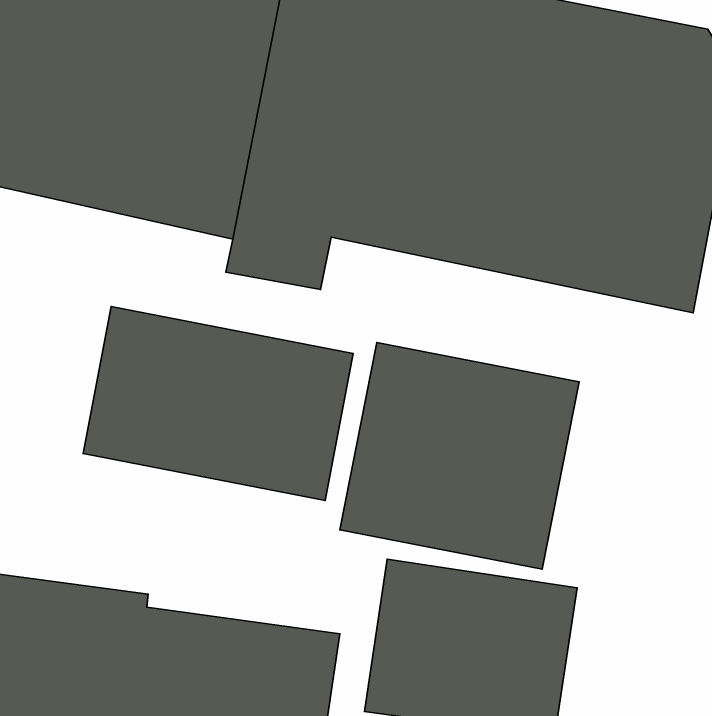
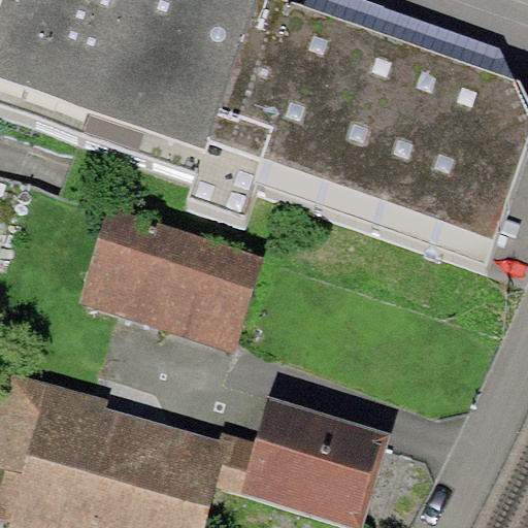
building: [340,342,579,569] -> none

